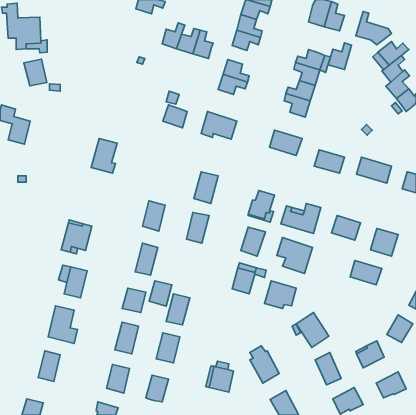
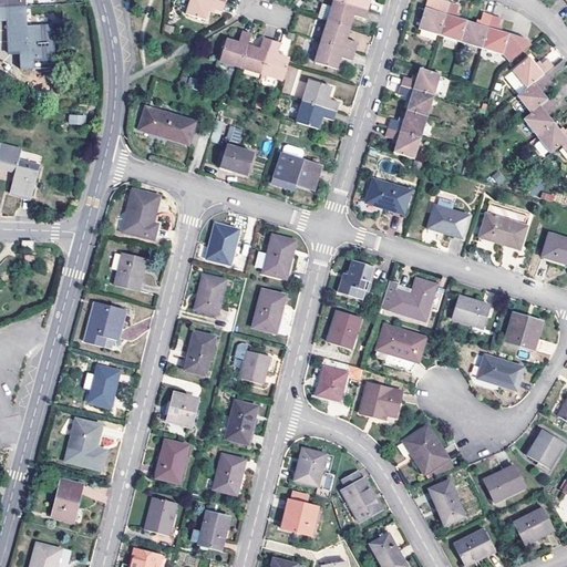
building: [328,43,352,70] -> [462,12,494,49]
building: [24,59,47,86] -> none
building: none -> [141,106,195,143]
building: none -> [206,223,239,262]
building: none -> [114,250,145,289]
building: [149,281,172,306] -> [239,349,270,383]
building: none -> [293,447,326,485]

